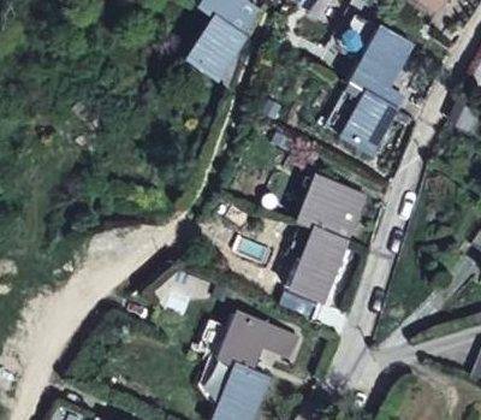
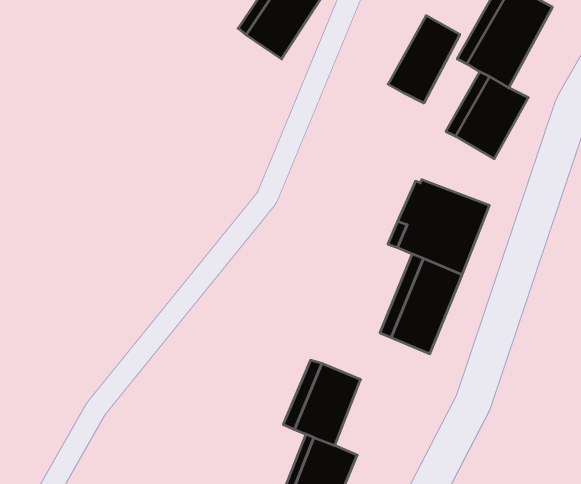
building: none -> [388,16,460,103]

